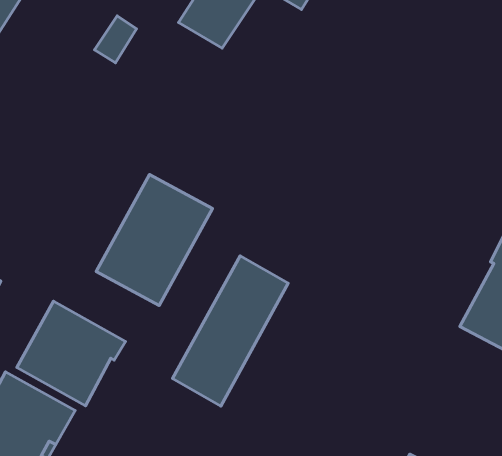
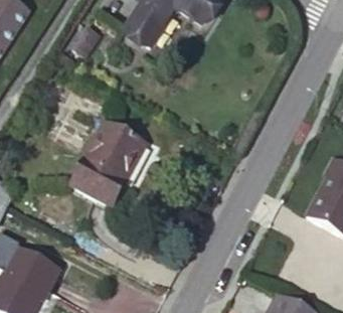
building: [173,256,288,406] -> none
building: [17,301,125,406] -> none

